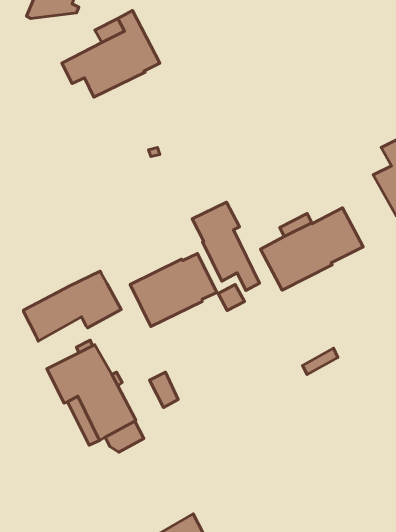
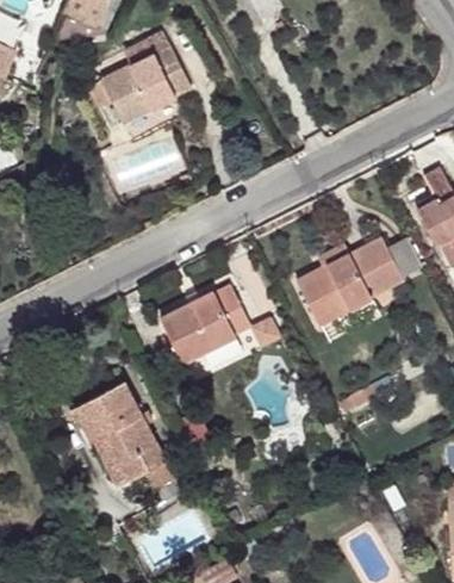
building: [192,202,259,290] -> none
building: [23,271,121,341] -> none

